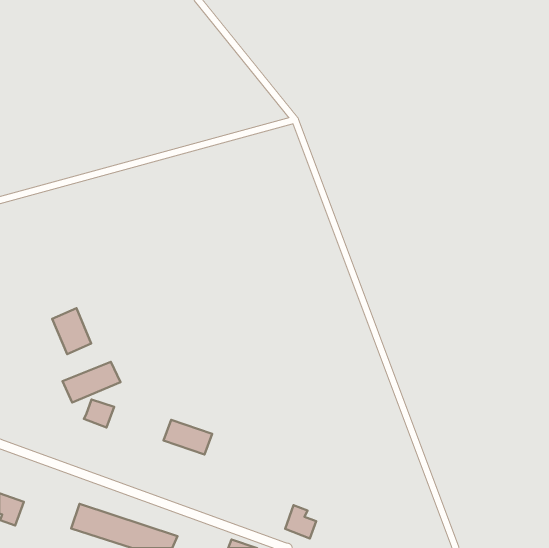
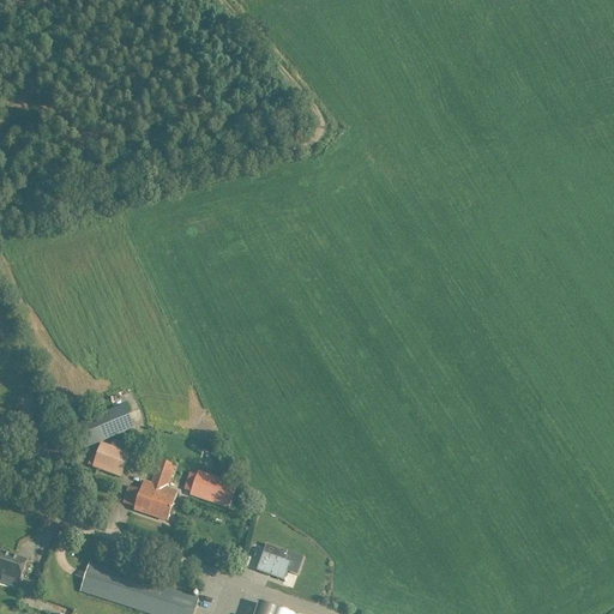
building: [52,308,91,354] -> none
building: none -> [122,457,176,519]
building: [285,505,316,538] -> [255,542,290,579]

